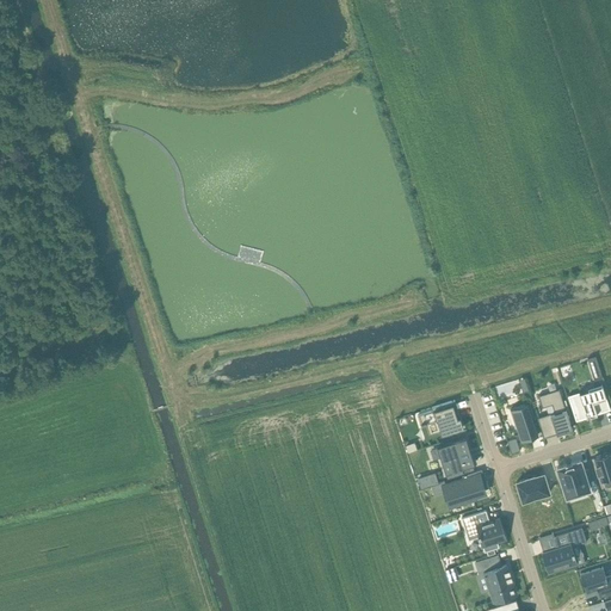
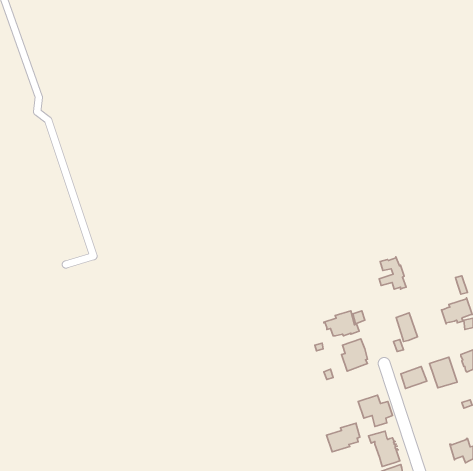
building: [537,391,572,433] -> [379,257,406,289]
building: [444,471,487,508] -> [327,423,360,452]
building: [544,529,587,574] -> none

